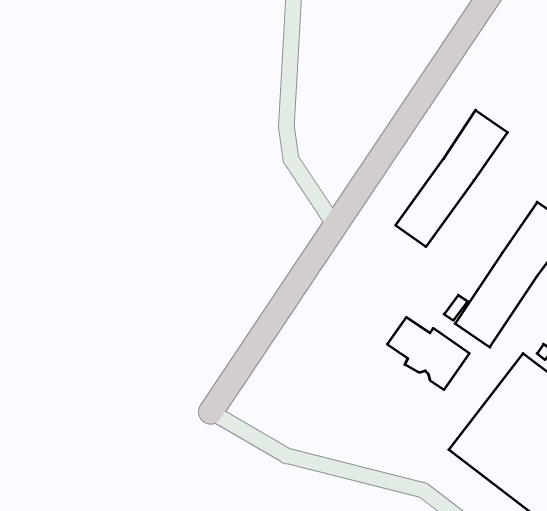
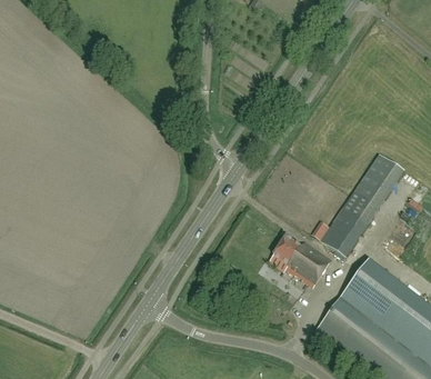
building: [396,110,508,247] -> none

